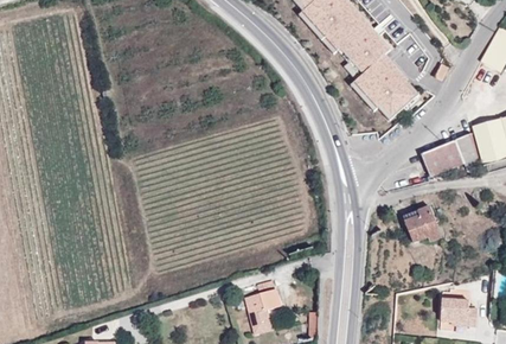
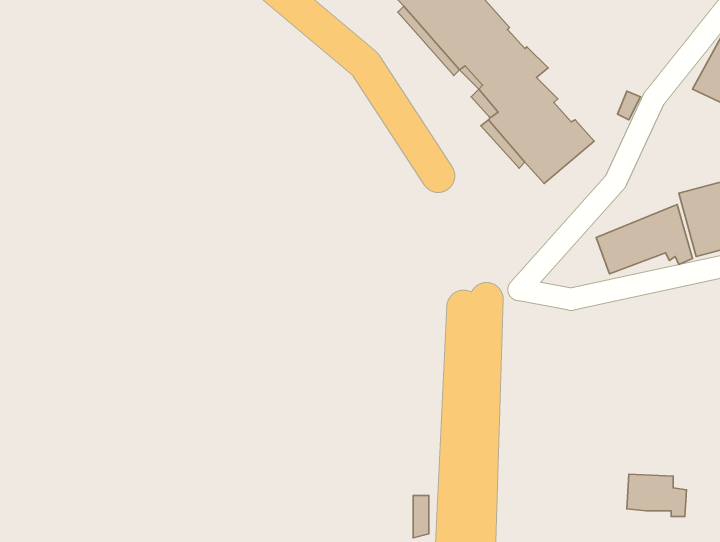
building: [402,204,441,242] -> none
building: [244,288,280,333] -> none

